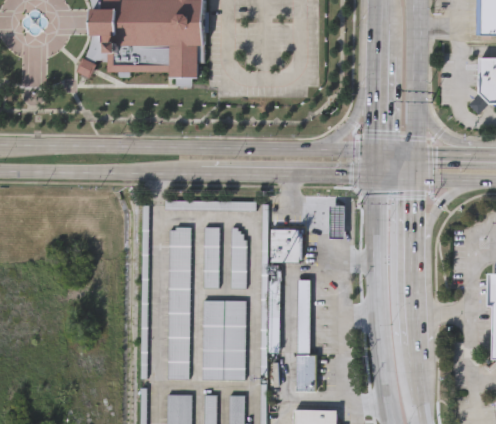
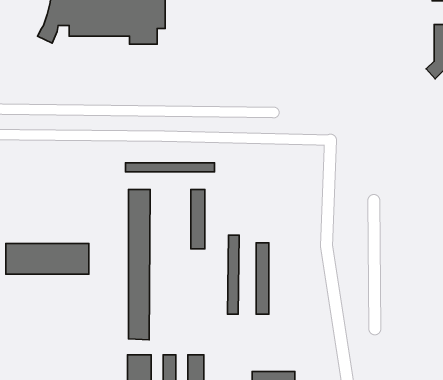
building: [330,206,344,239] -> none
building: [203,227,219,287] -> none
building: [270,230,300,263] -> none
building: none -> [6,244,89,274]
building: [202,300,245,379] -> none
building: [297,355,316,391] -> none

